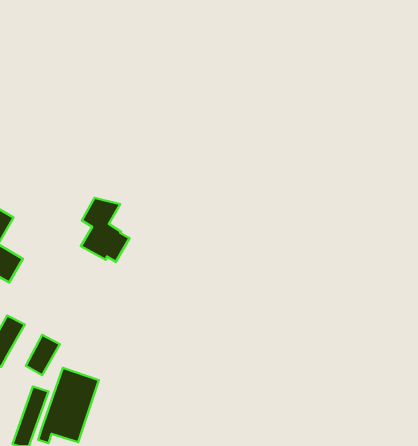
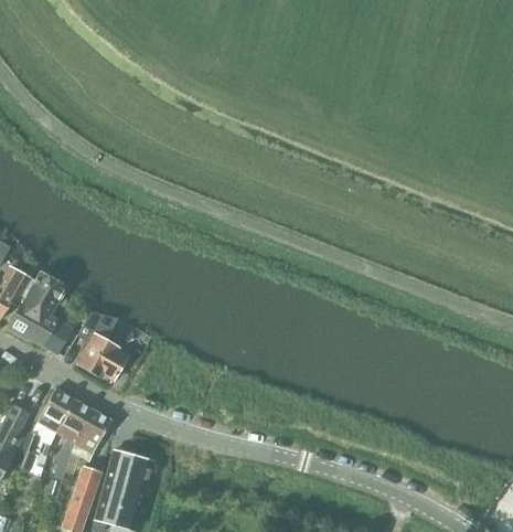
building: [81,198,129,262] -> [76,312,128,381]
building: none -> [52,400,93,482]

